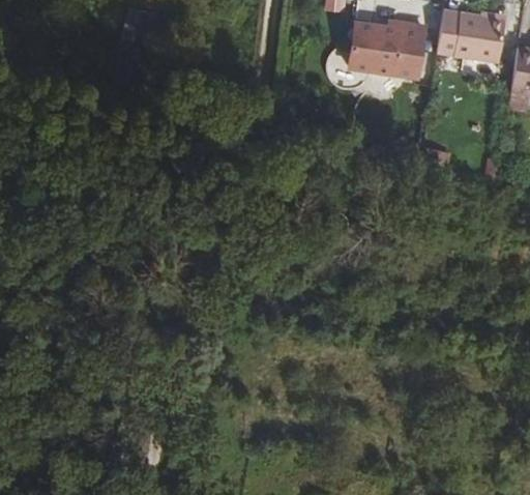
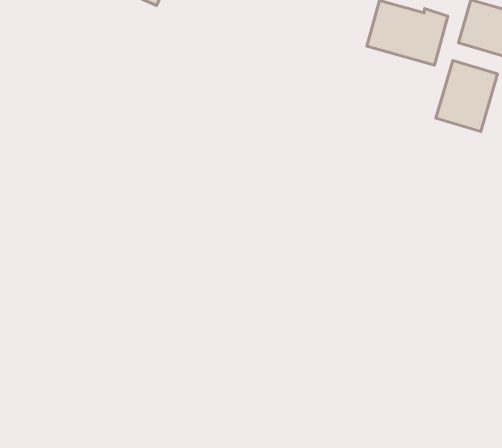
building: none -> [436,61,498,132]

